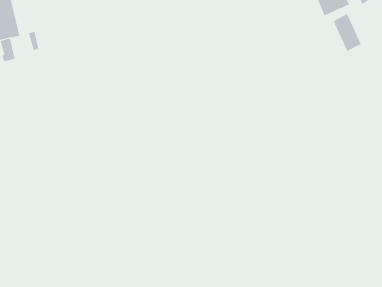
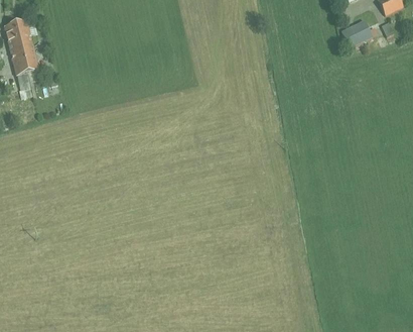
building: [333,13,361,52] -> none

